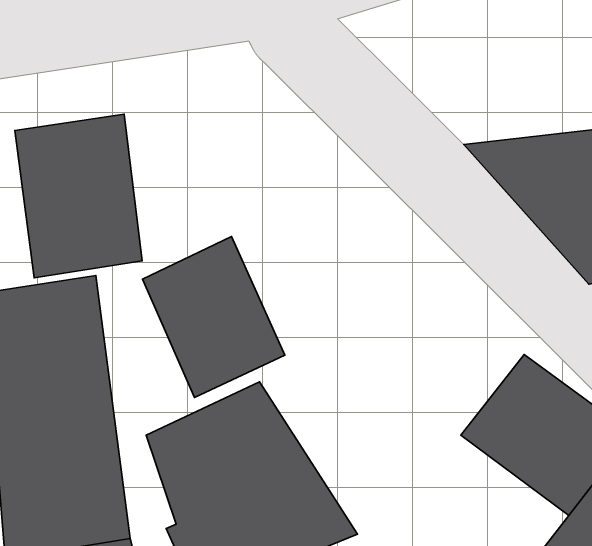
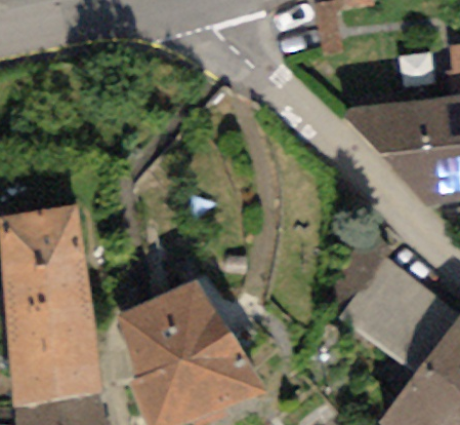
building: [15,114,142,278] -> none
building: [143,237,285,397] -> none

